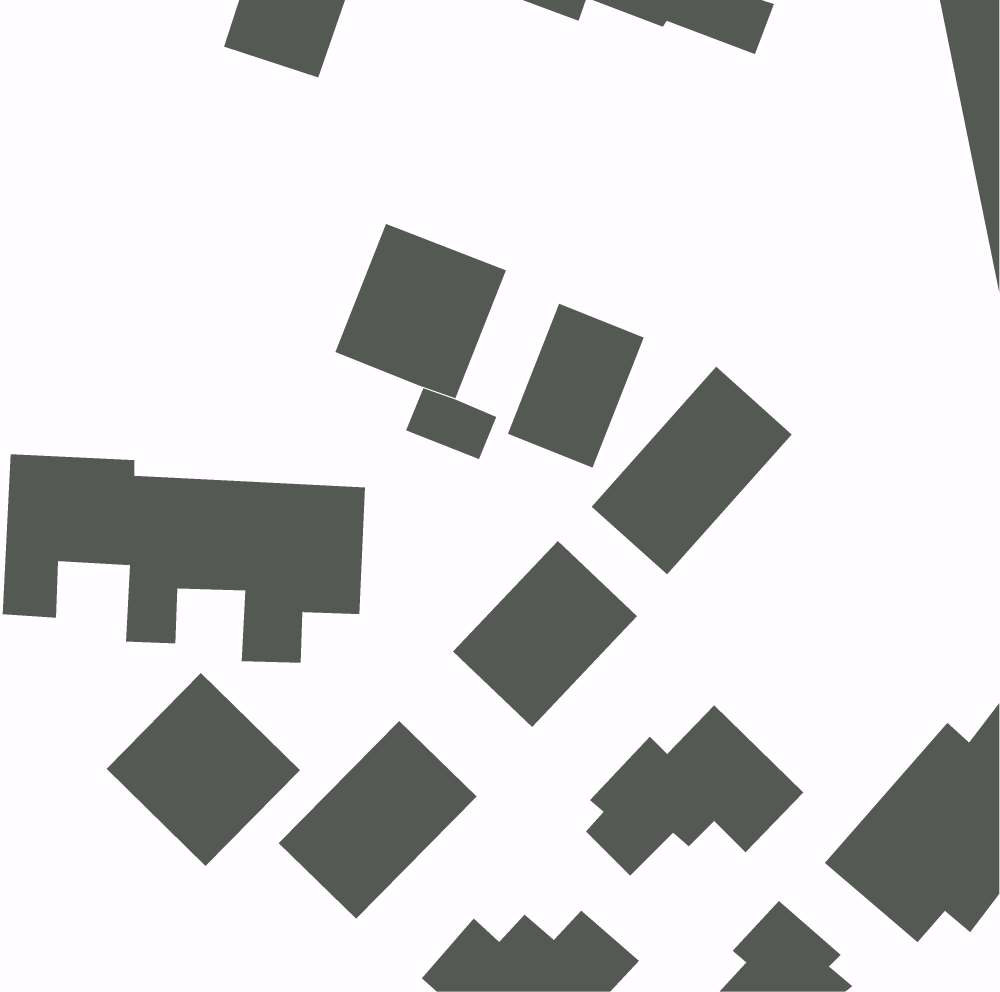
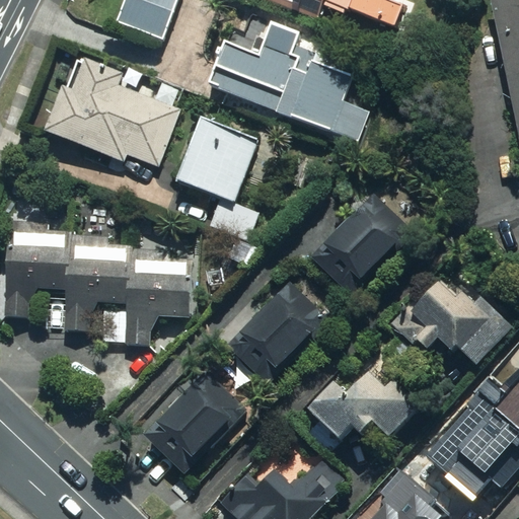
building: none -> [207,17,356,137]
building: none -> [43,47,190,166]
building: [507,303,644,468] -> none
building: none -> [387,275,513,366]
building: [106,672,301,867] -> none

